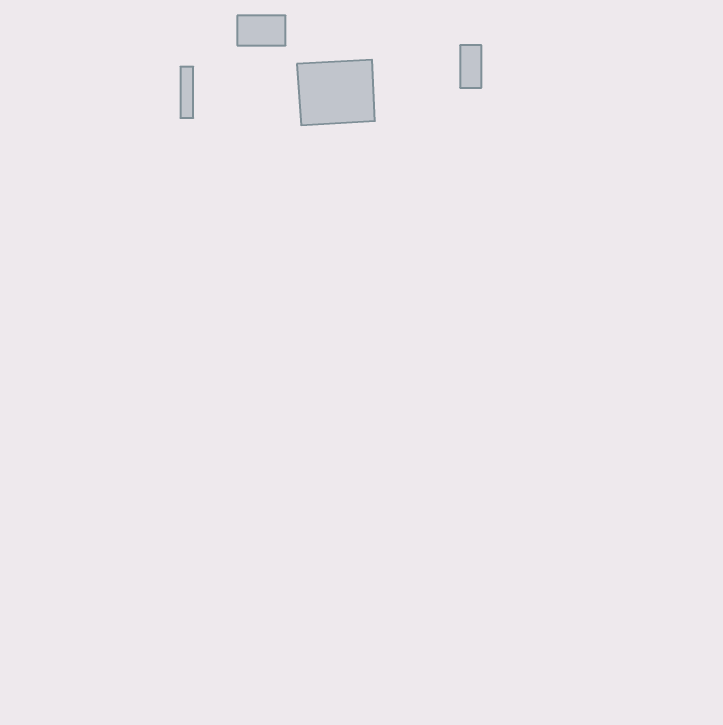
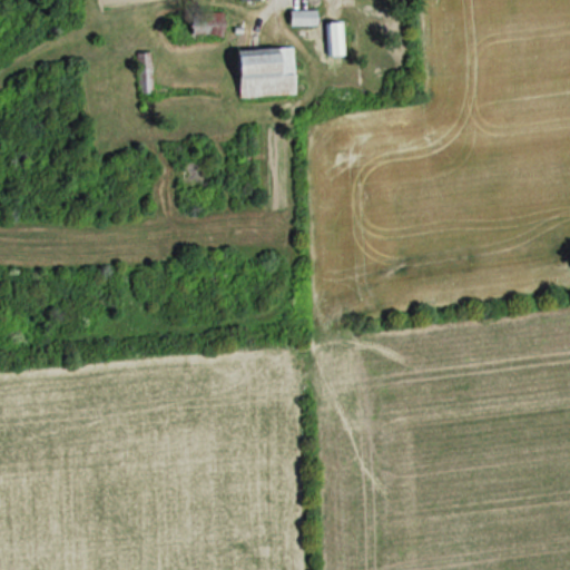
building: none -> [289,9,317,24]
building: [460,45,481,88] -> [327,21,344,55]

